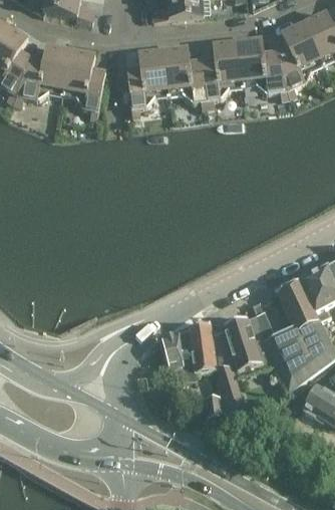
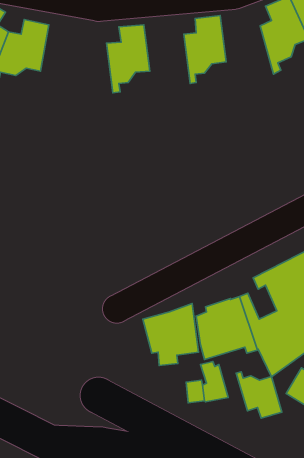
building: [238,36,290,96] -> none
building: [163,45,209,106] -> none
building: [63,48,106,116] -> none
building: none -> [236,372,282,418]

